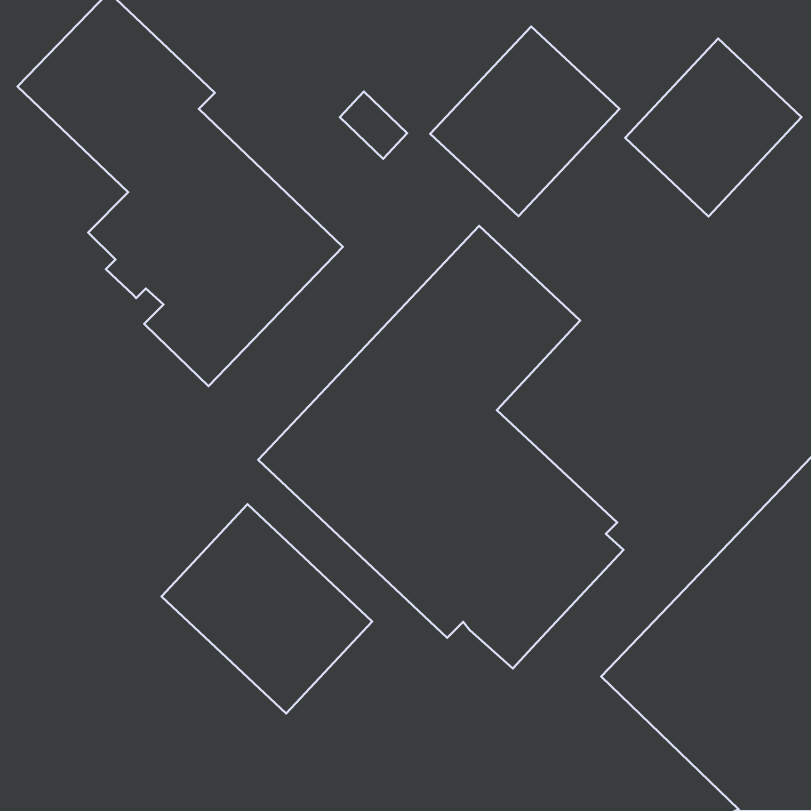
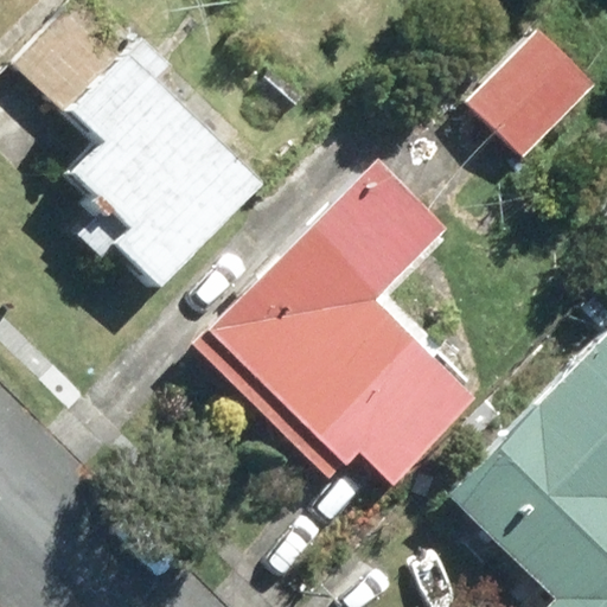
building: [430,26,620,216] -> none
building: [161,504,372,714] -> none

